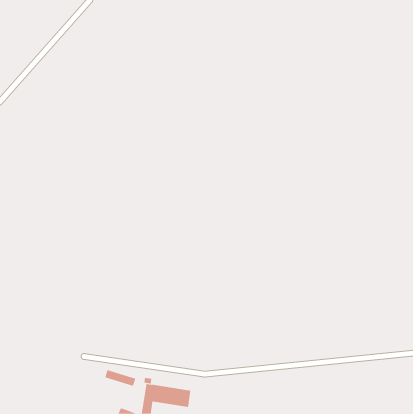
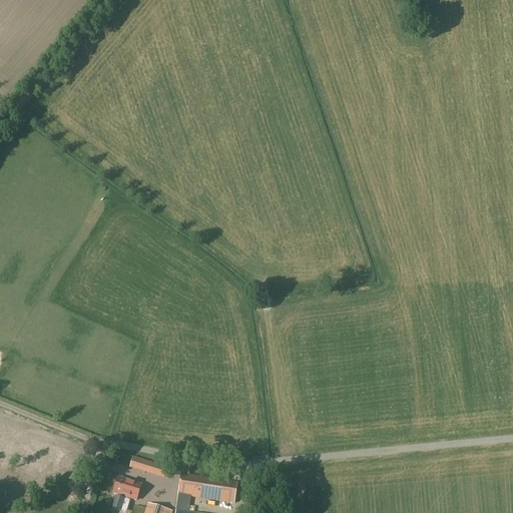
building: none -> [112,479,139,501]

